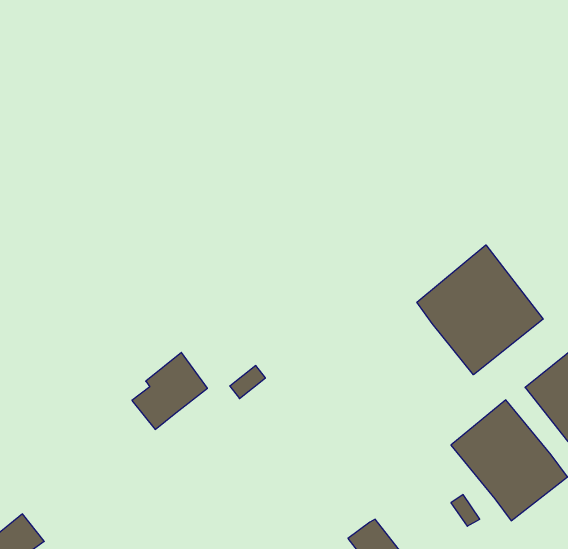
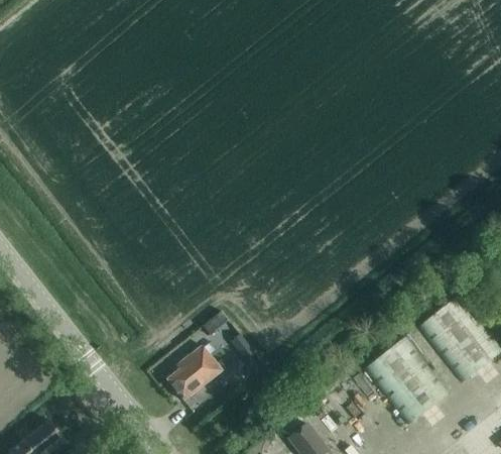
building: [417,245,543,375] -> none
building: [132,352,207,429] -> [167,344,223,401]

